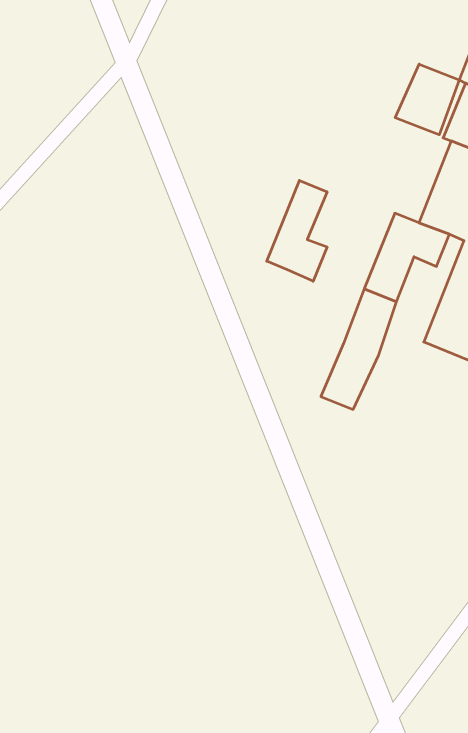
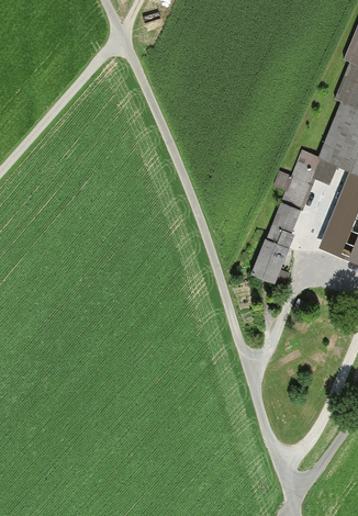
building: [395,64,459,135] -> none
building: [267,180,327,281] -> none

